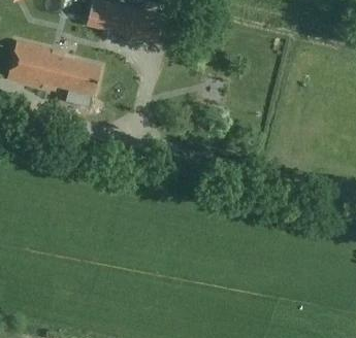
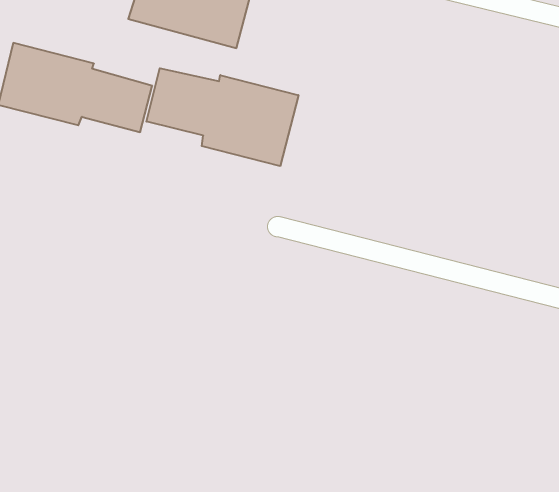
building: none -> [146,68,298,166]

